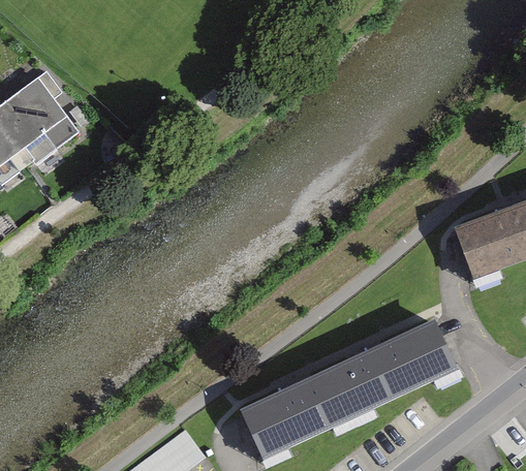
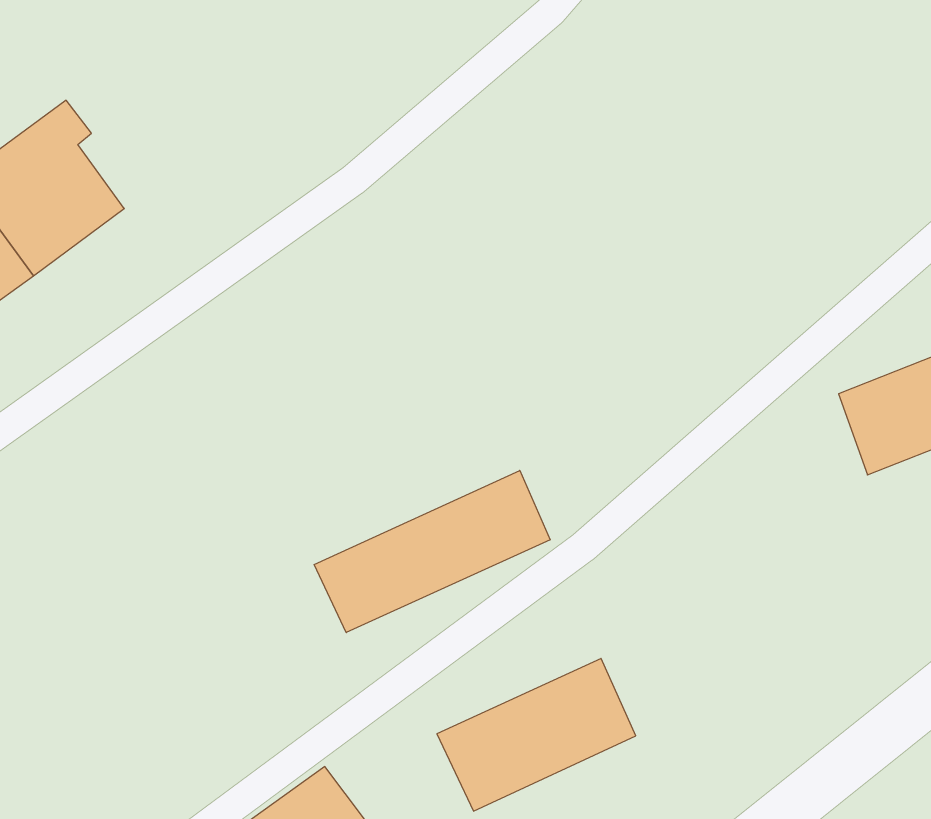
building: none -> [314,470,550,633]
building: [332,325,452,413] -> none

